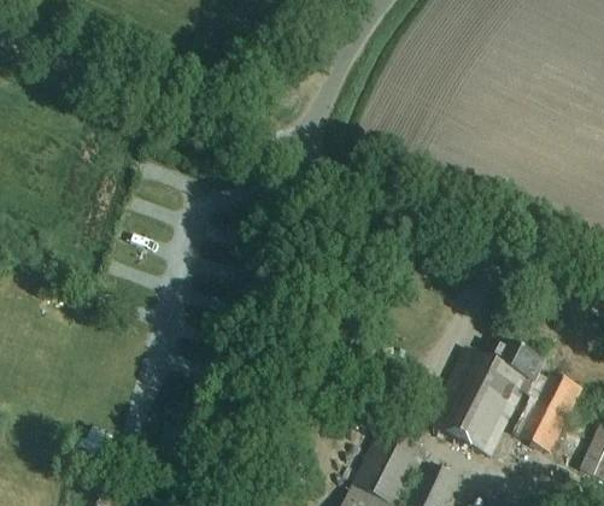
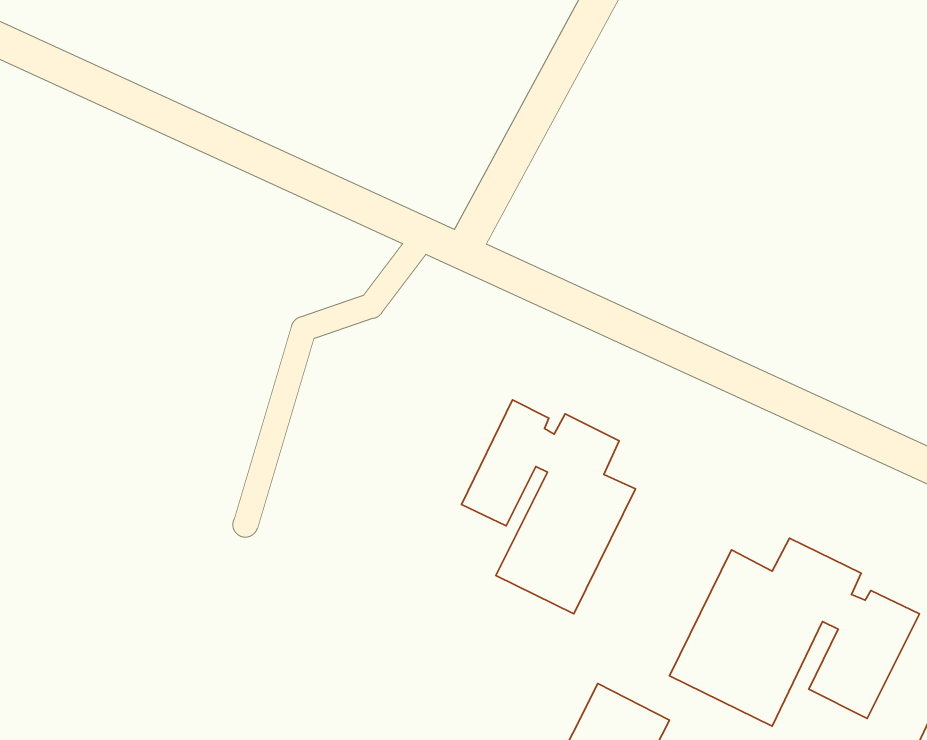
building: none -> [462,400,636,614]

